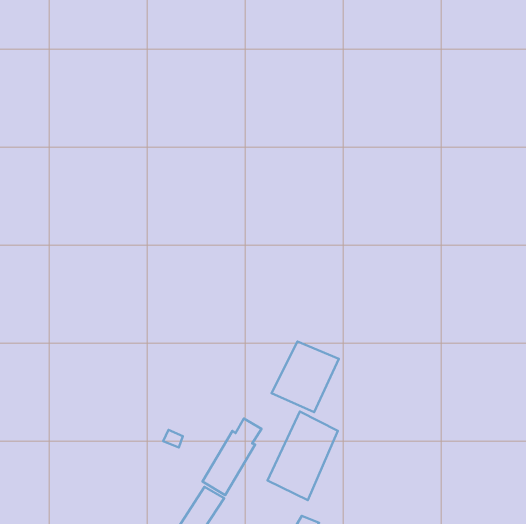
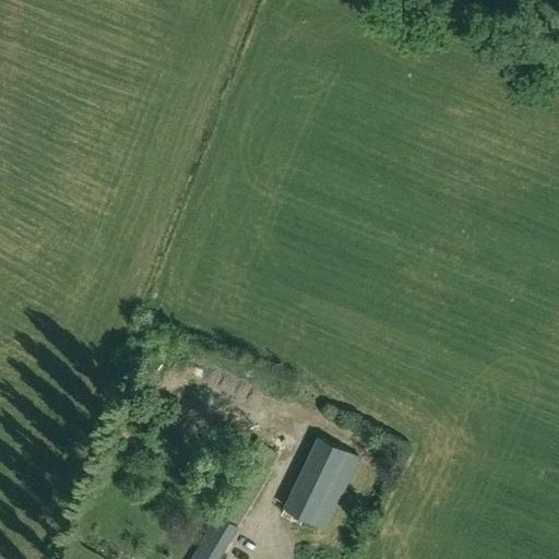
building: [272,341,339,412] -> none

